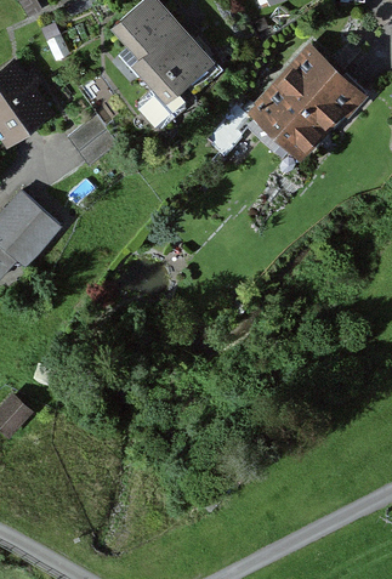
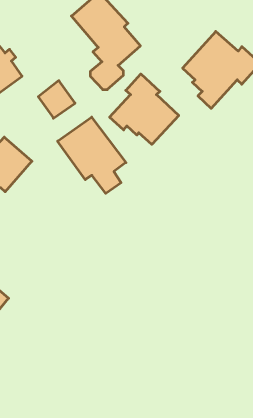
building: none -> [110,74,179,144]
building: none -> [58,117,126,193]

